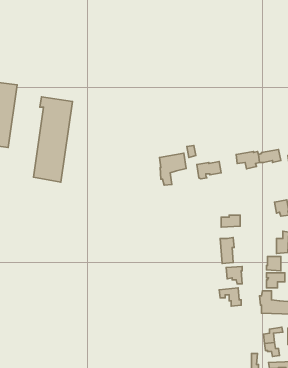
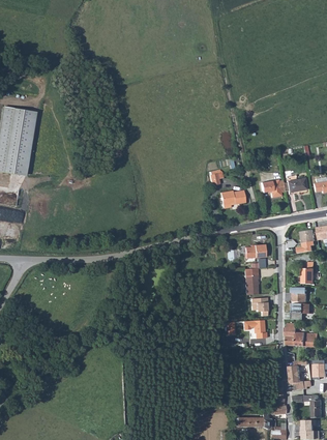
building: [33,97,73,182] -> none
building: [159,153,186,185] -> none

